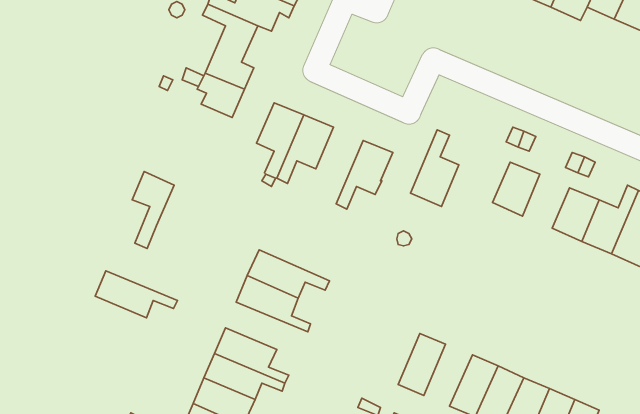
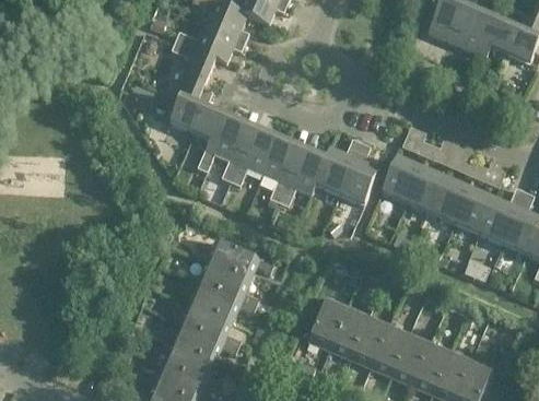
building: none -> [315,138,361,192]
building: none -> [262,139,301,201]
building: none -> [382,156,420,200]
building: [132,172,174,248] -> [195,108,229,170]
building: none -> [430,177,468,221]
building: [95,271,178,318] -> [189,281,256,319]
building: none -> [308,297,347,347]
building: none -> [350,315,389,365]

